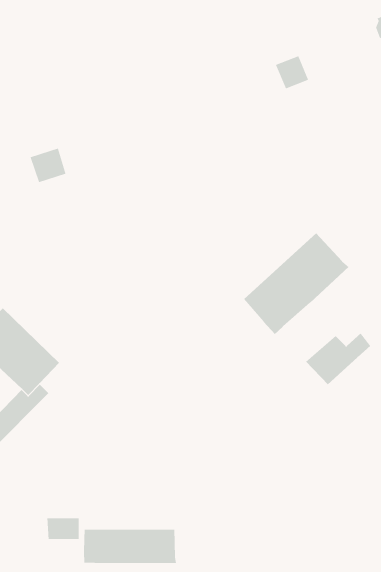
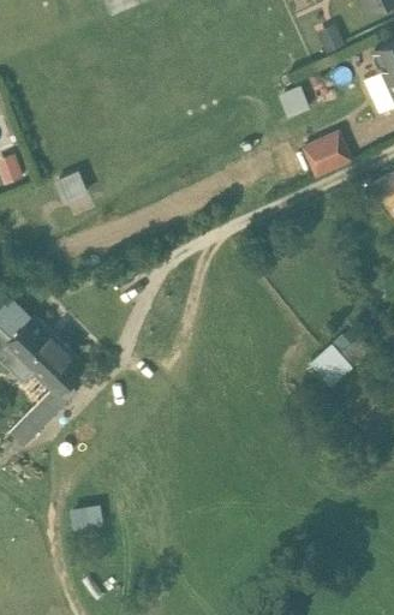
building: none -> [302,135,348,178]
building: [243,233,350,335] -> none
building: [83,529,177,564] -> none

